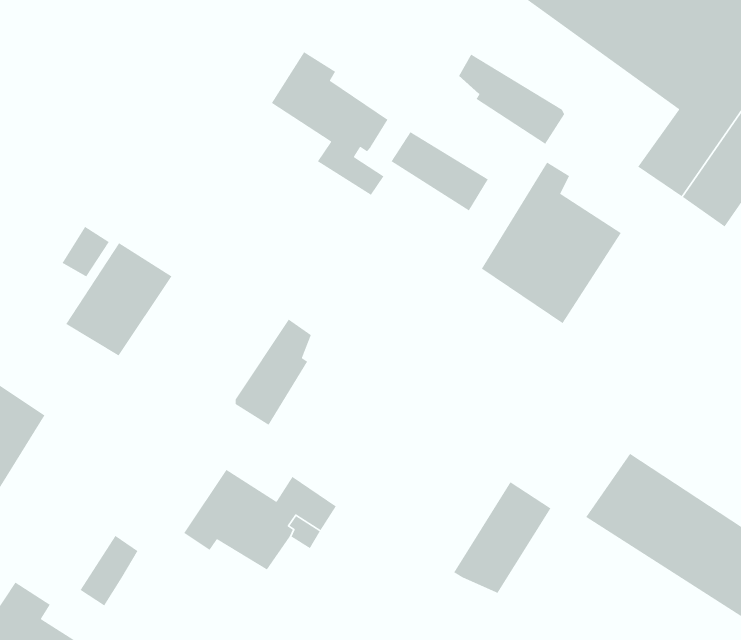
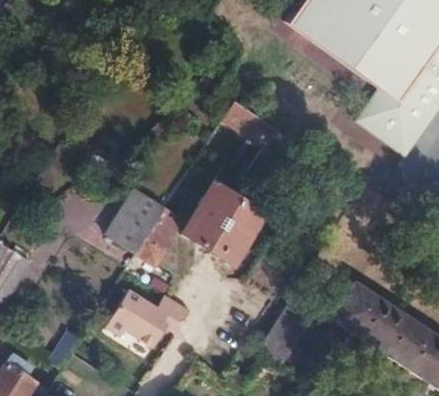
building: [271,51,388,196] -> none
building: [458,53,565,145] -> none
building: [481,161,622,324] -> [182,174,261,265]
building: [65,242,172,356] -> [104,188,164,252]

